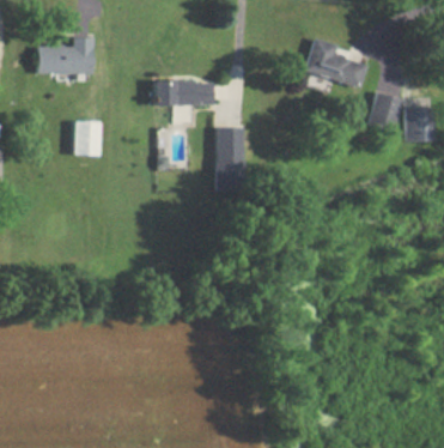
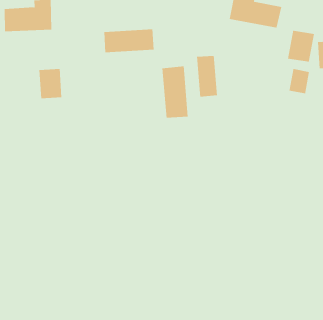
building: none -> [196,55,218,98]
building: none -> [289,68,310,94]

